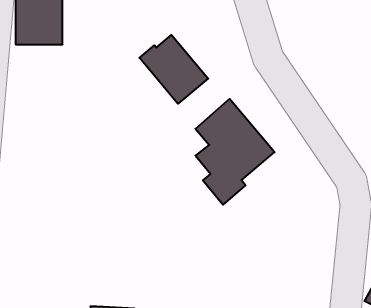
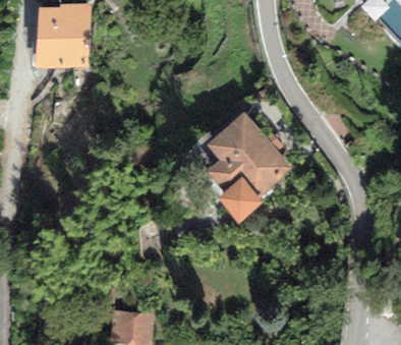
building: [139,35,208,104] -> none

